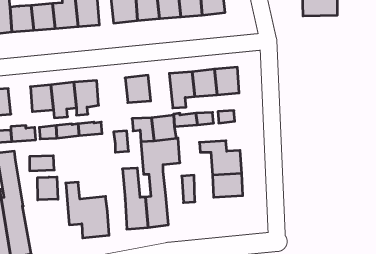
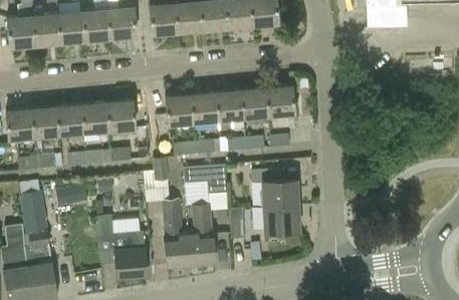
building: none -> [191,92,218,123]
building: none -> [32,107,59,138]
building: [38,177,58,200] -> none

